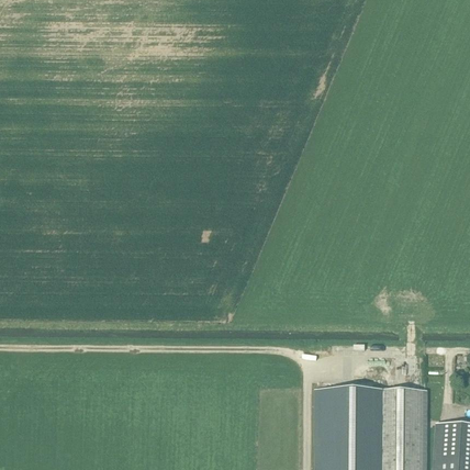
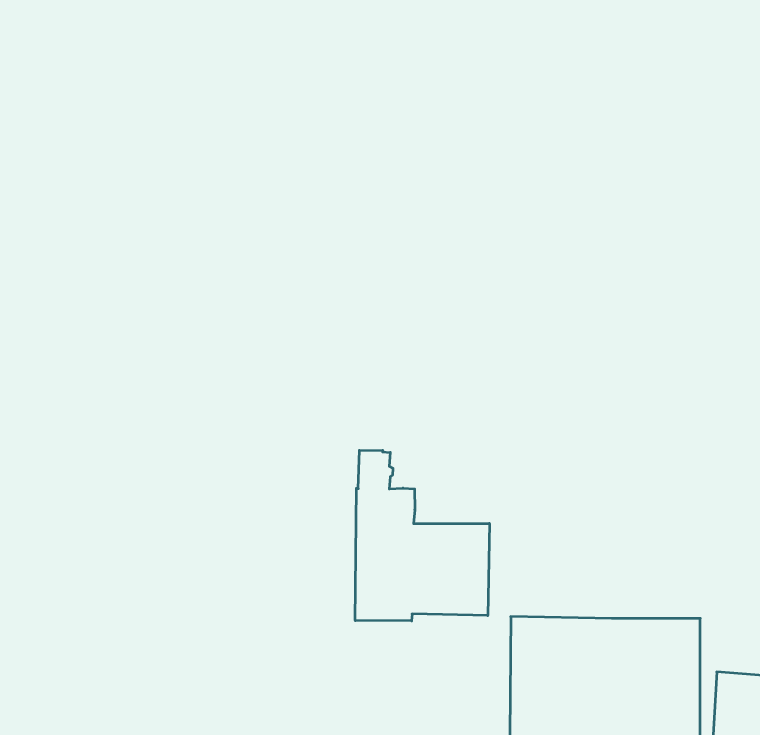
building: none -> [355,450,489,621]

